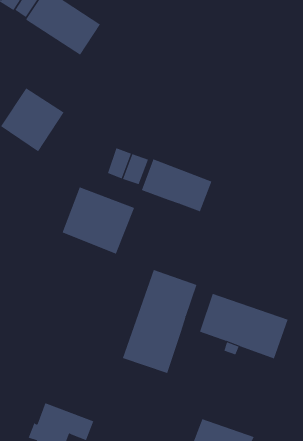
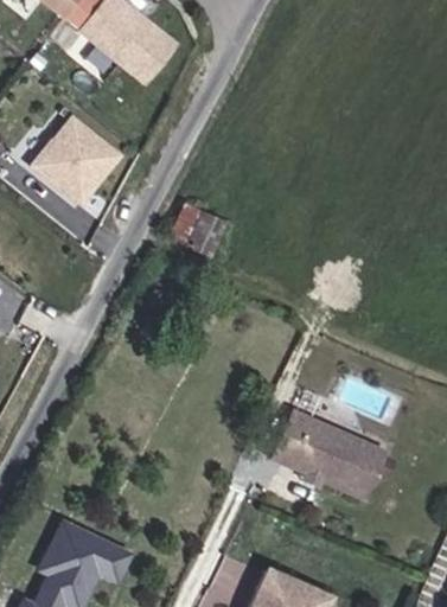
building: [141,159,212,212] -> none
building: [62,186,135,255] -> none
building: [122,269,197,374] -> none

